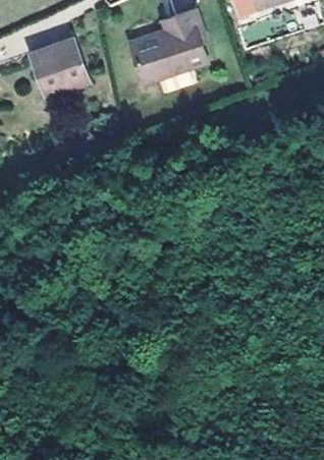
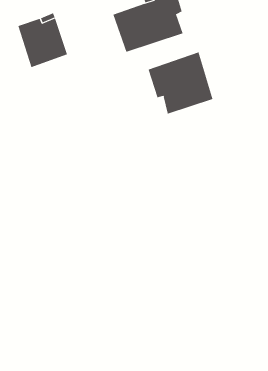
building: none -> [148,52,213,114]

